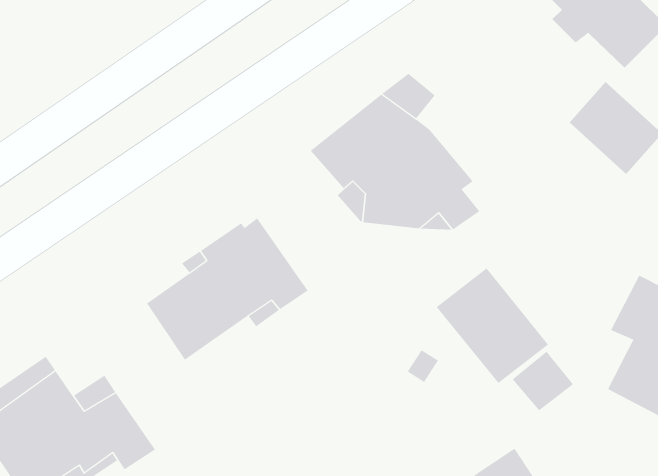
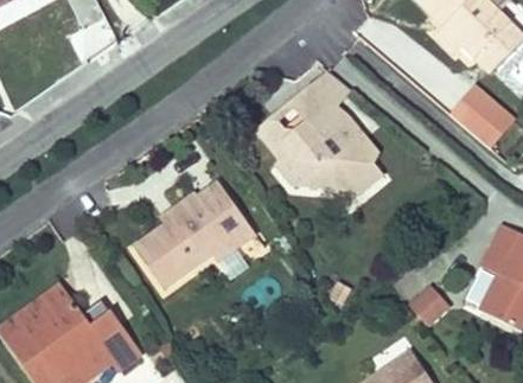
building: [436,268,549,384] -> none

